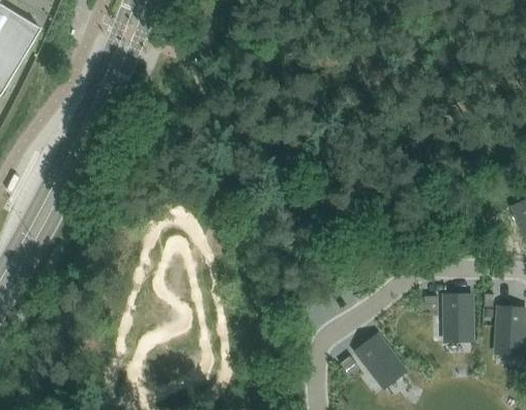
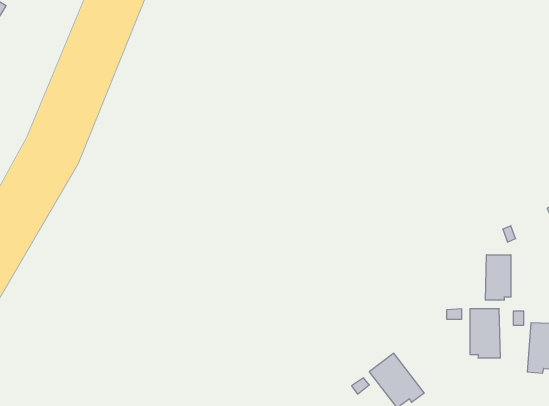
building: none -> [486,255,511,300]

